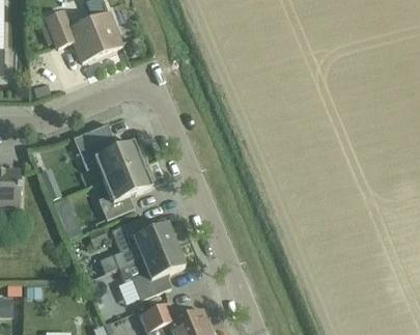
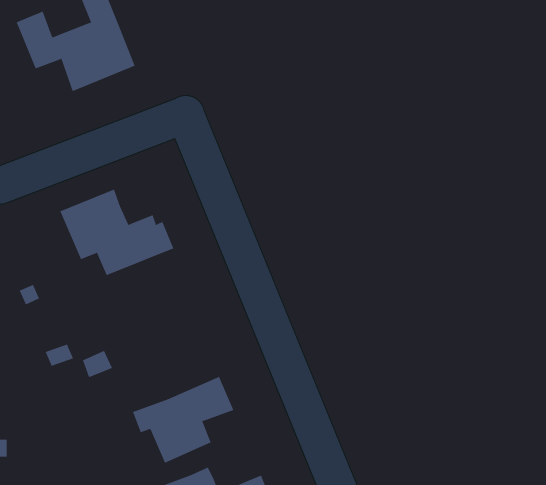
building: [97,162,152,219] -> none
building: [100,217,175,273] -> none

